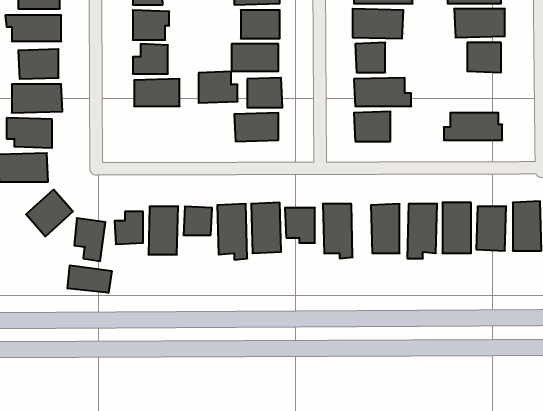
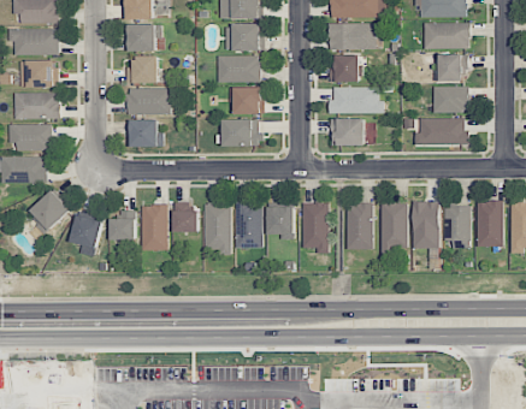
building: [199,72,238,103] -> [126,119,162,148]
building: none -> [432,87,468,113]
building: [68,265,112,293] -> none

